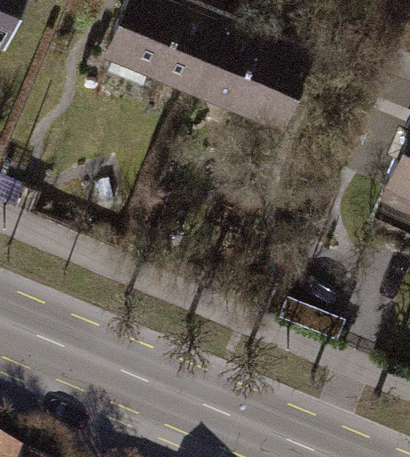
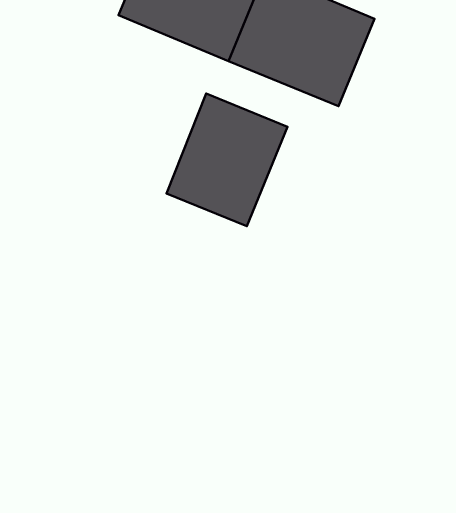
building: none -> [166,93,287,226]

